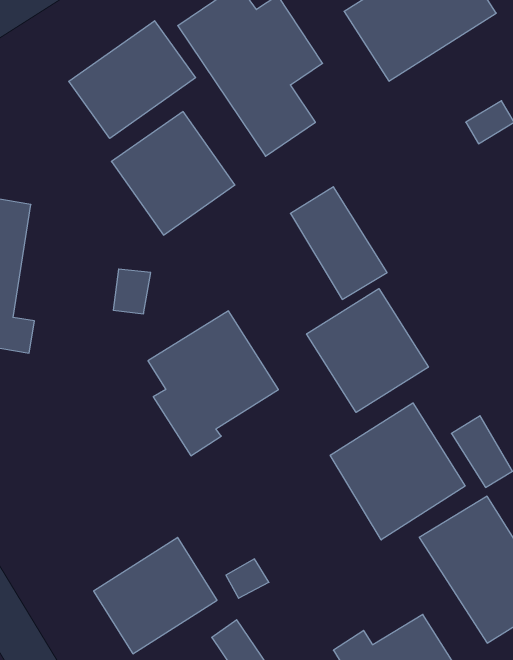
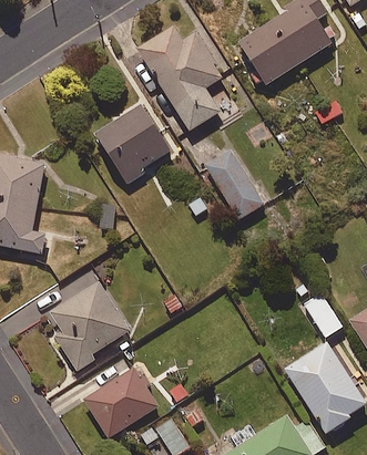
building: [69,21,196,138] -> none
building: [307,289,428,412] -> none
building: [148,311,278,456] -> [49,281,130,371]
building: [330,403,465,540] -> none

